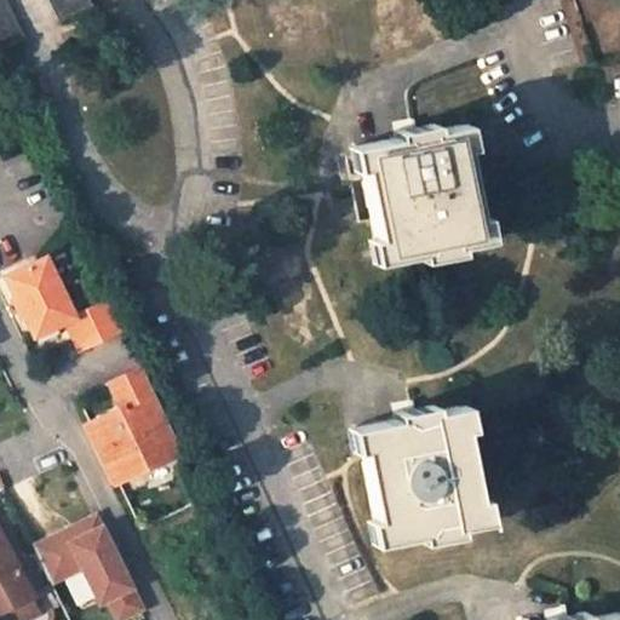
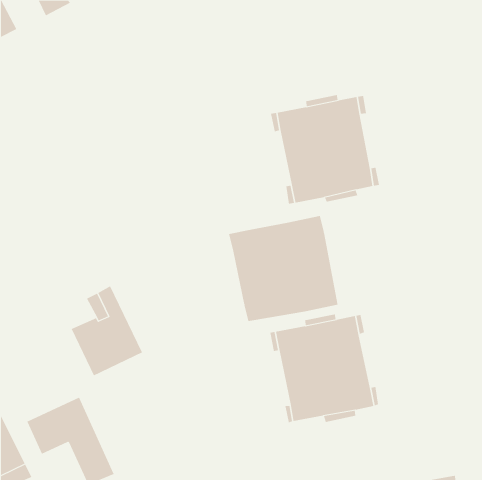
building: [7,260,125,354] -> none
building: none -> [228,215,338,322]

